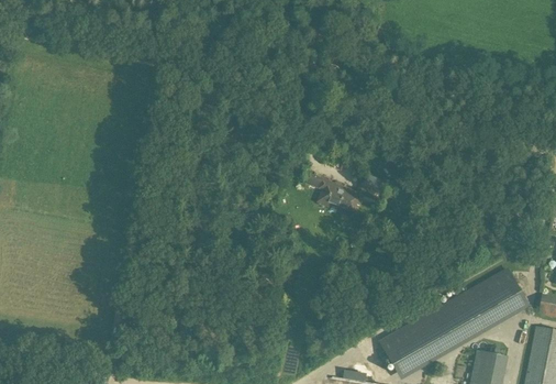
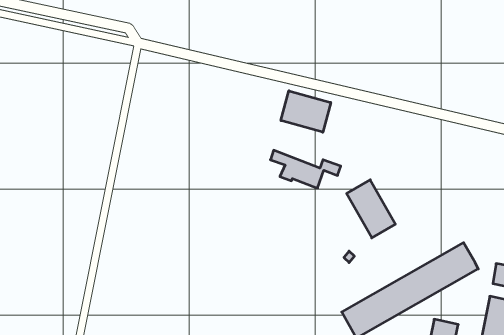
building: none -> [281,91,331,132]
building: none -> [347,180,395,238]

